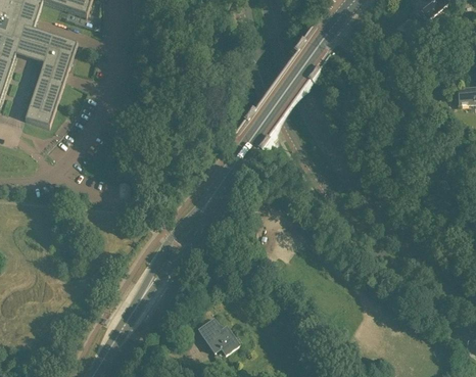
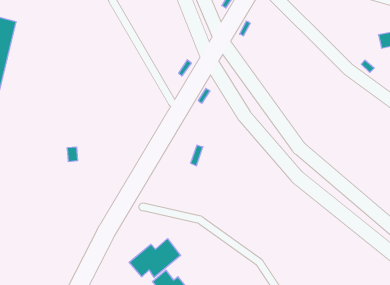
building: none -> [129,239,181,277]

